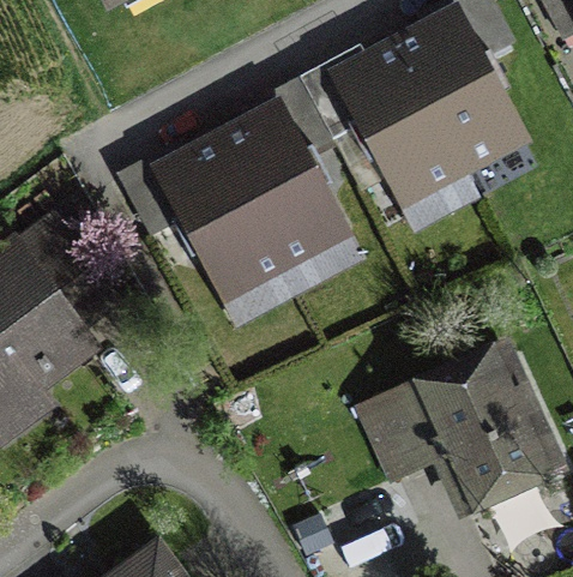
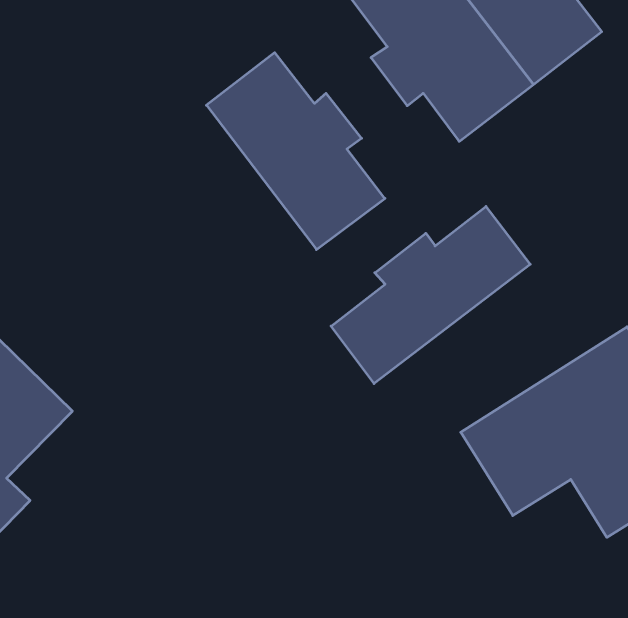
building: [163,140,285,291] -> none
building: none -> [331,206,530,384]

